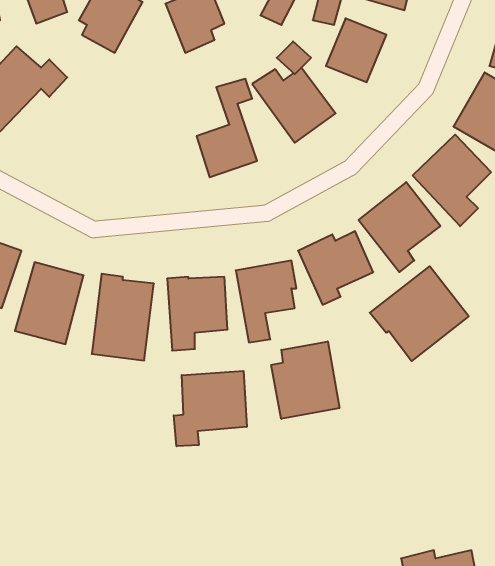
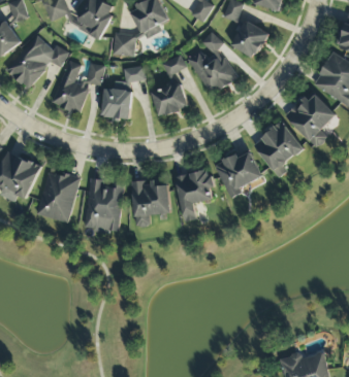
building: none -> [112,33,135,56]
building: none -> [52,60,106,113]
building: none -> [101,66,145,119]
building: [370,266,469,361] -> none
building: [271,341,339,419] -> none
building: [174,371,247,446] -> none

